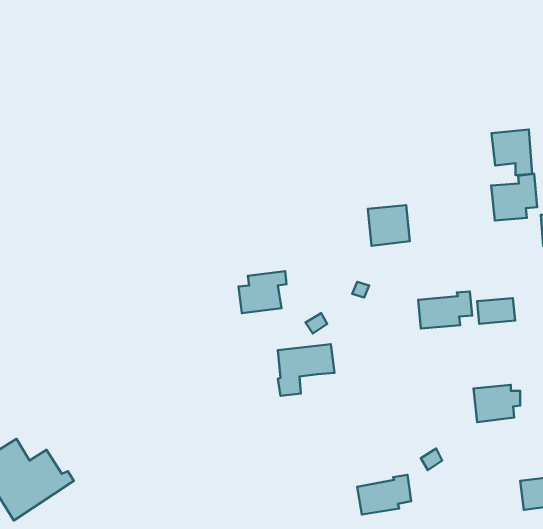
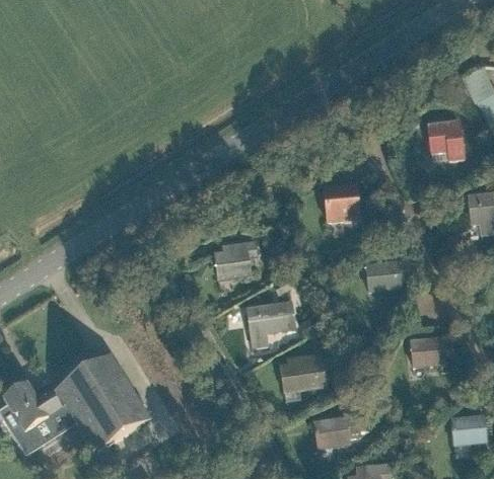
building: [491,174,537,221] -> none
building: [477,298,515,324] -> none
building: none -> [279,352,326,391]
building: none -> [55,354,150,454]

